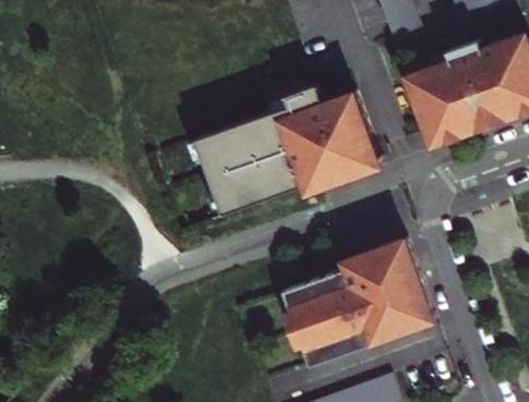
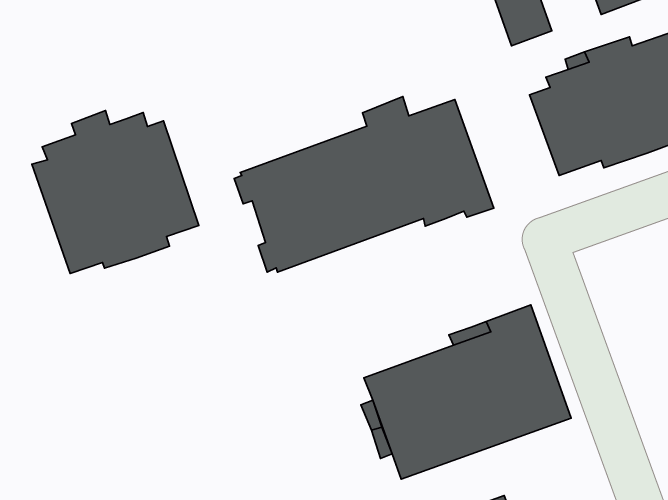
building: none -> [32,111,199,274]

